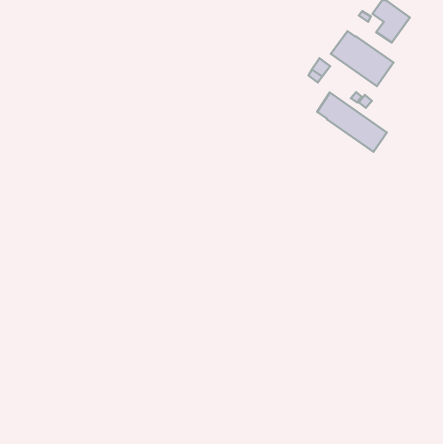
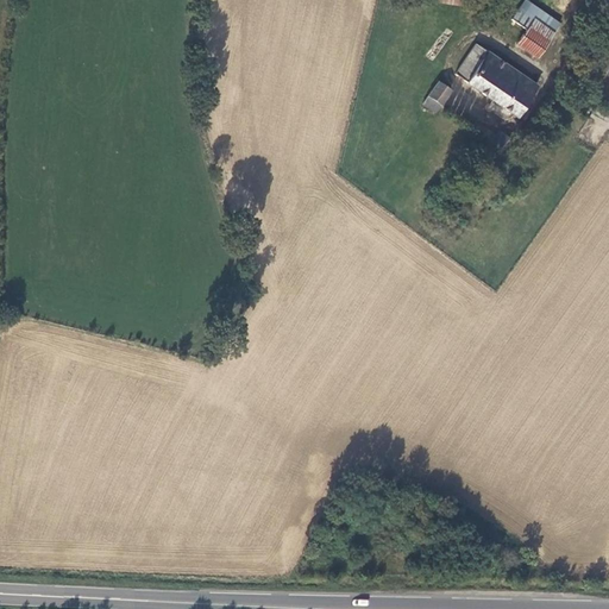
building: [317,93,387,152] -> none

